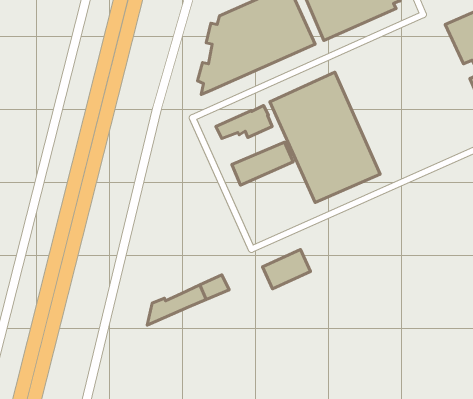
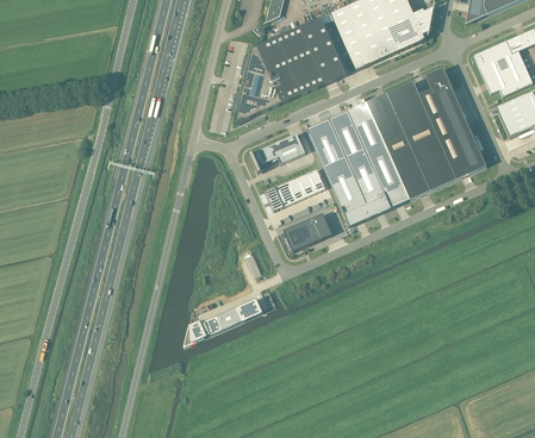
building: none -> [367,67,486,199]
building: [263,250,310,289] -> [286,212,332,250]

